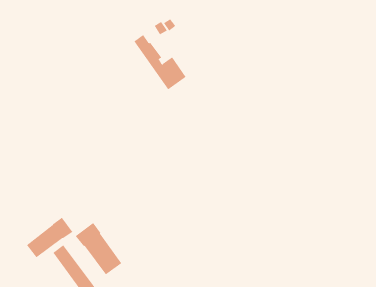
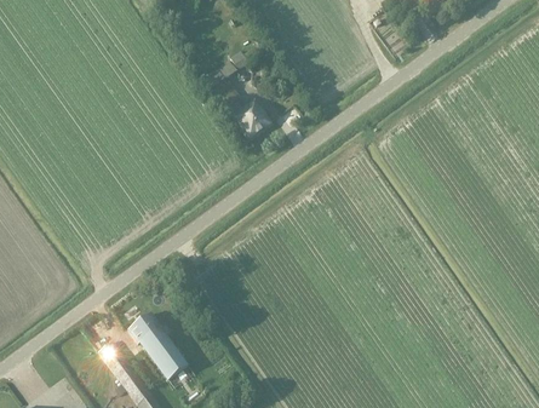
building: [26,217,73,258] -> none

